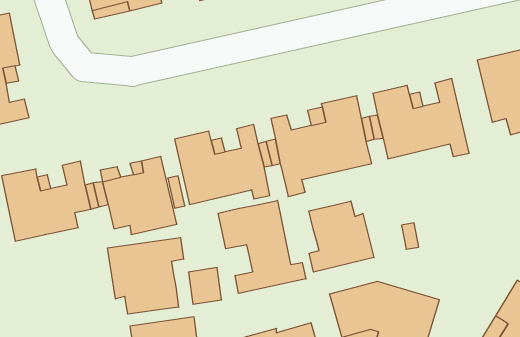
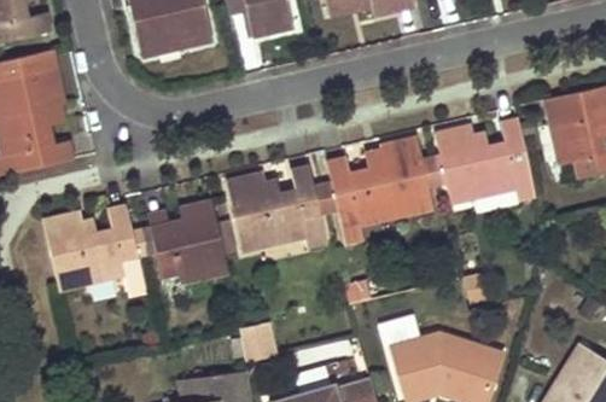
building: [218,200,306,293] -> none
building: [309,201,374,272] -> none
building: [108,238,184,314] -> none

